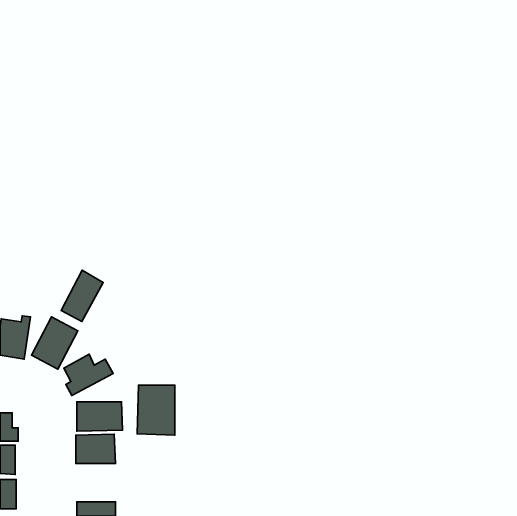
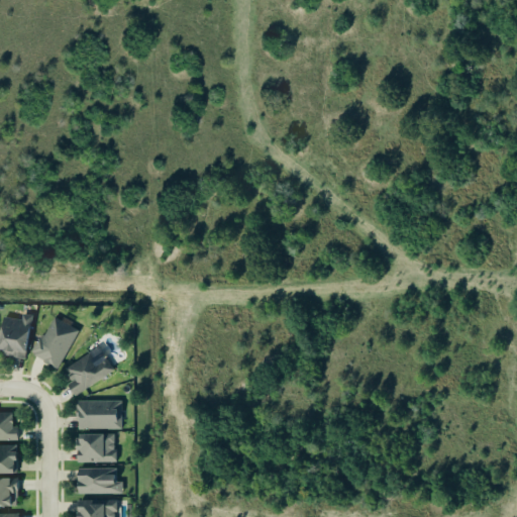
building: [61,270,103,321] -> none
building: [137,385,175,435] -> none
building: none -> [76,468,122,494]

